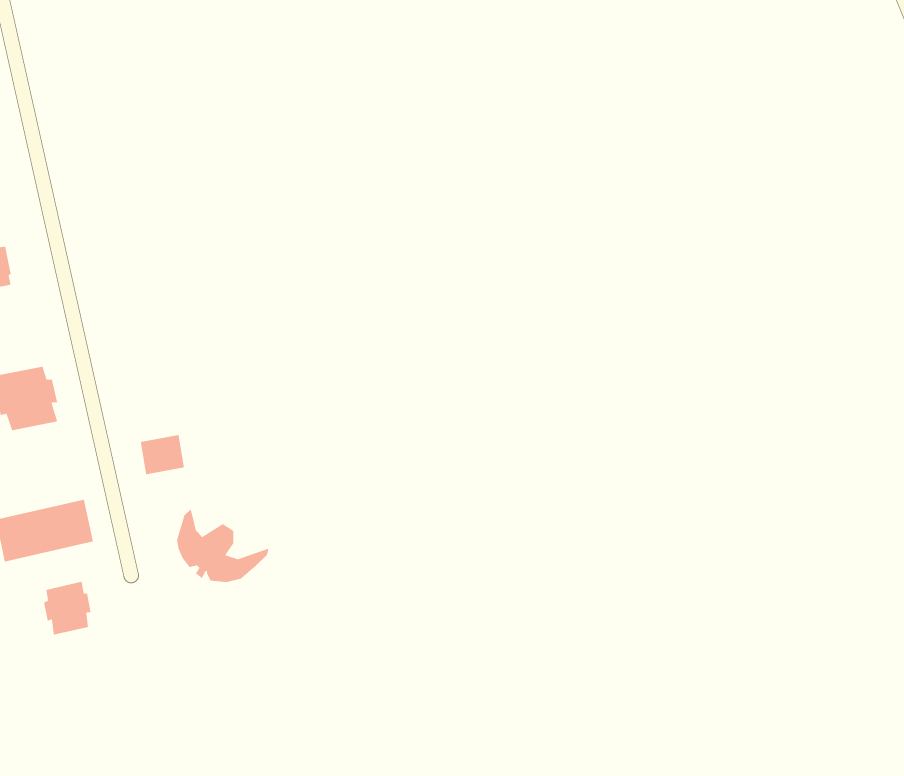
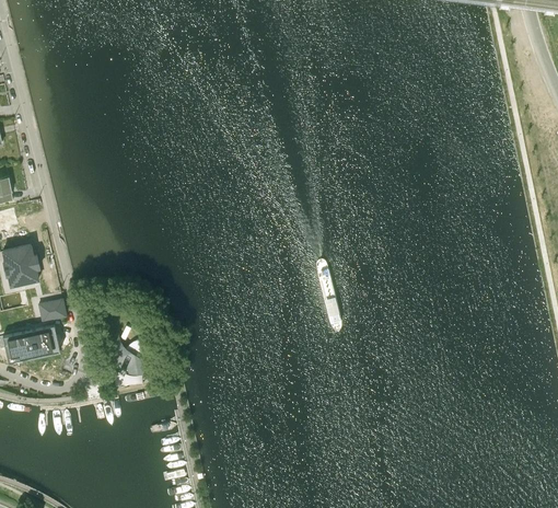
building: [140,434,185,475] -> [38,298,65,322]
building: [43,581,92,636] -> none

